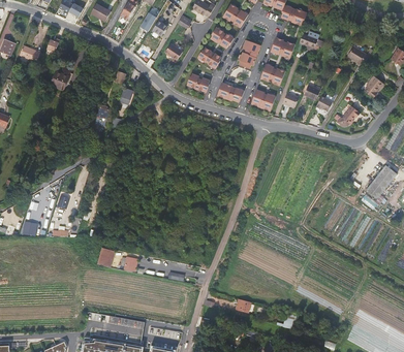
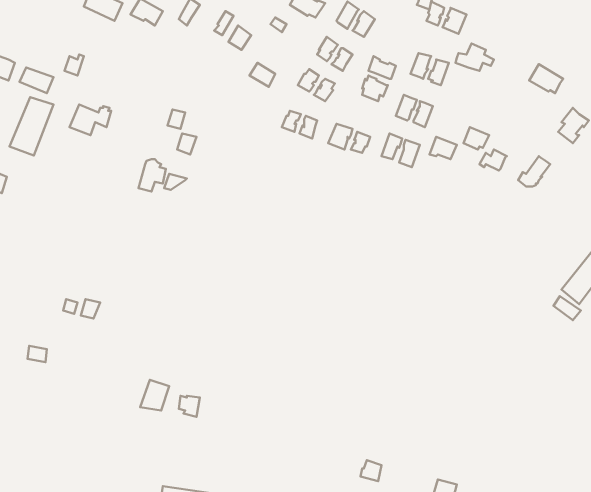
building: none -> [10,97,53,156]

